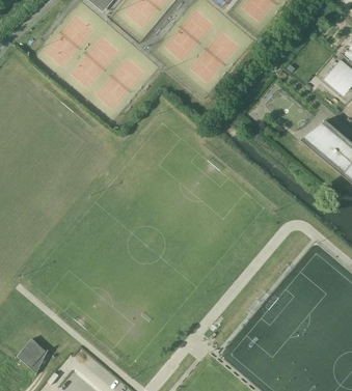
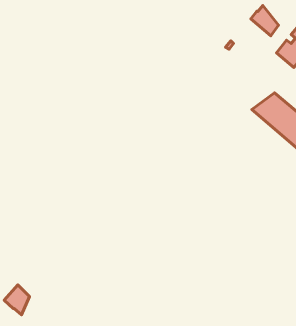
building: none -> [251,6,278,36]

